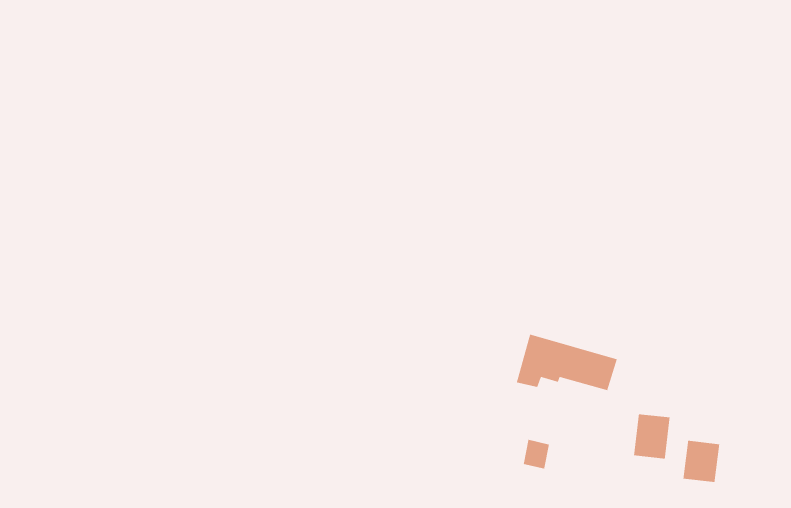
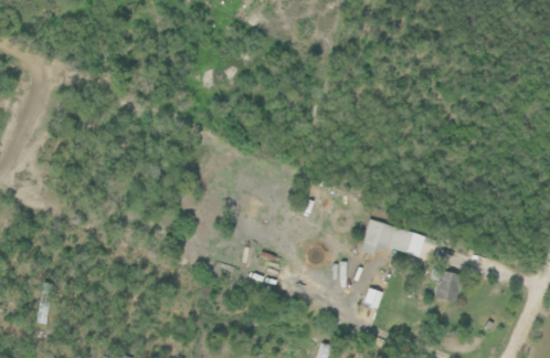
building: [682,440,720,483] -> none

